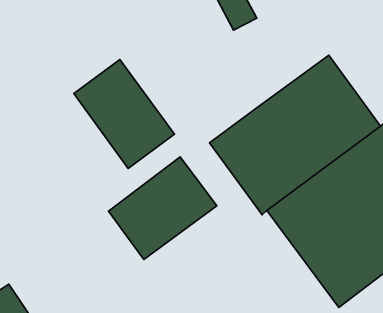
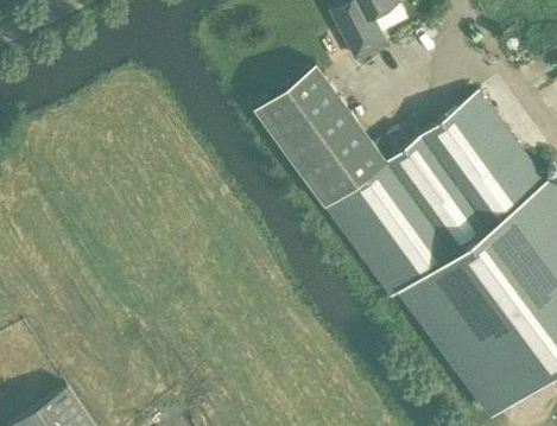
building: [74,59,175,169] -> [255,66,385,206]
building: [109,157,217,259] -> none

